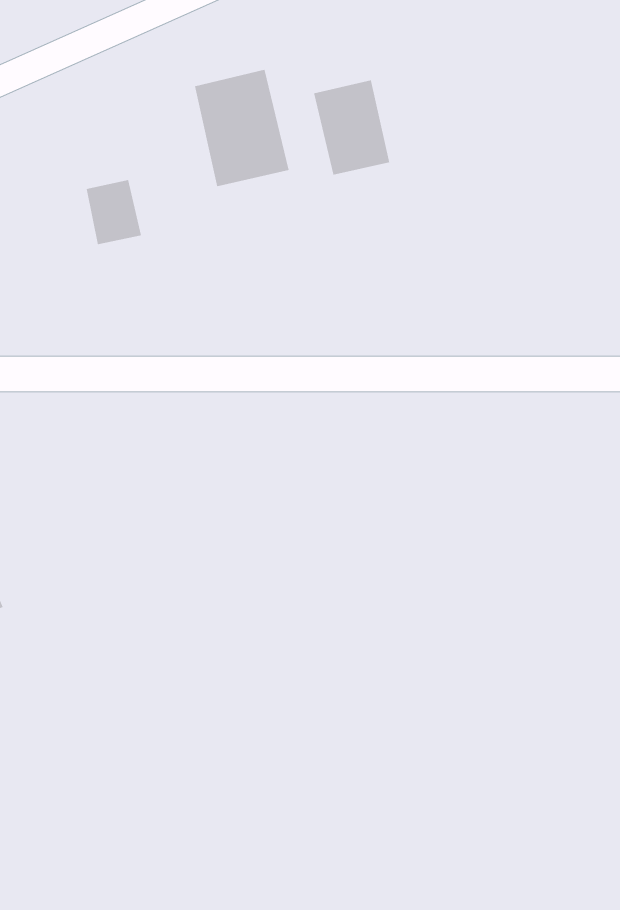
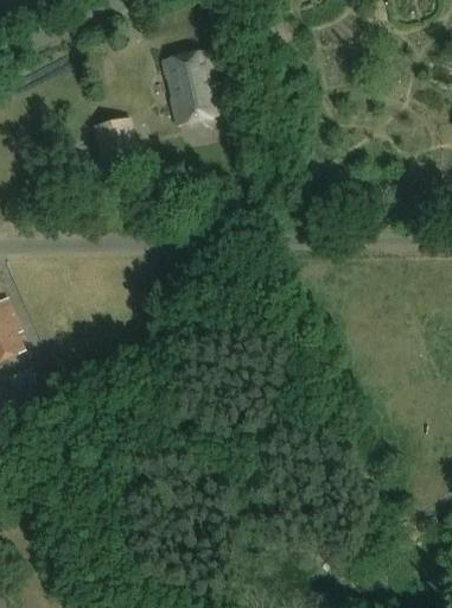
building: [313,79,390,175] -> none

